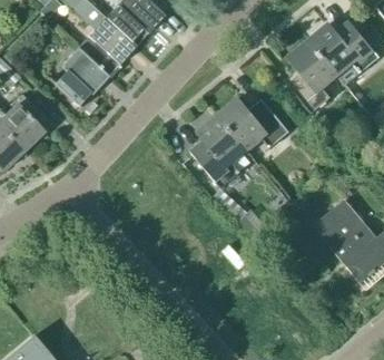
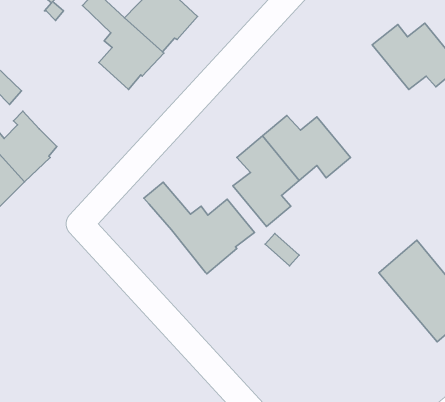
building: [284,39,337,114] -> none
building: [55,47,108,107] -> none
building: none -> [144,182,255,274]

